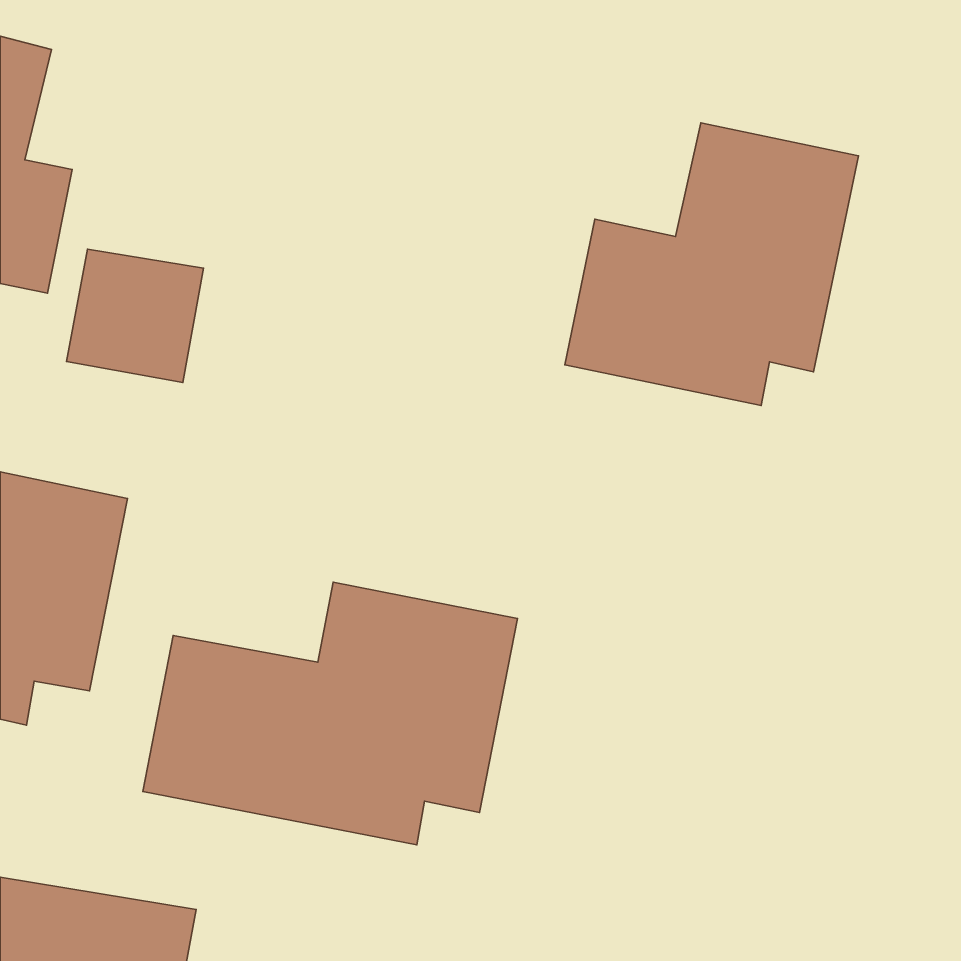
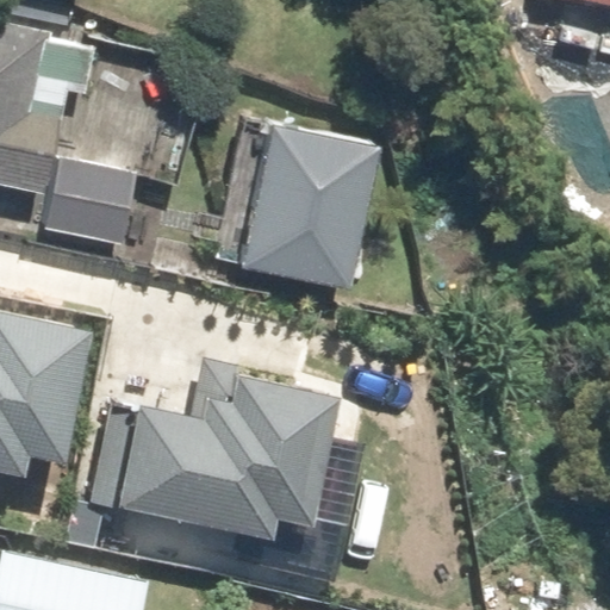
building: [565,123,859,406] -> none
building: none -> [238,123,375,293]

